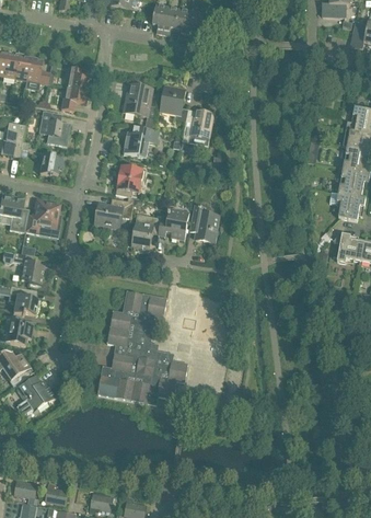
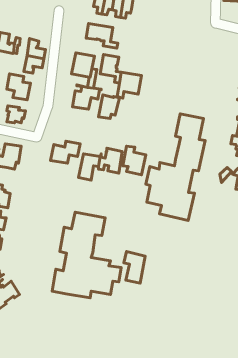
building: none -> [86,24,118,48]
building: none -> [146,114,205,220]
building: [116,165,143,196] -> [98,95,119,118]
building: none -> [124,251,145,283]

